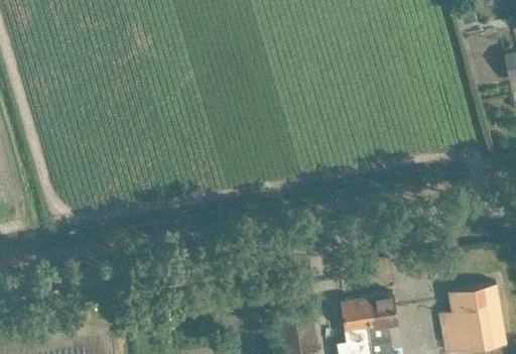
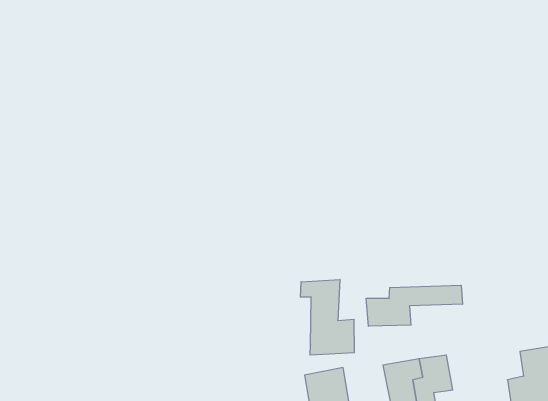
building: none -> [300,279,354,355]
building: none -> [366,285,463,326]

